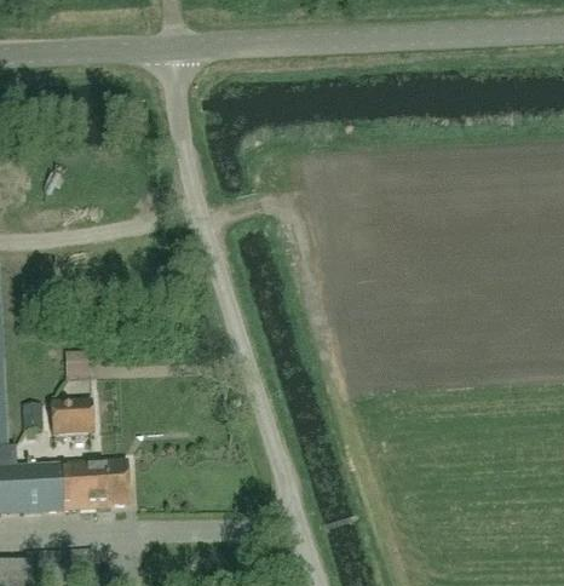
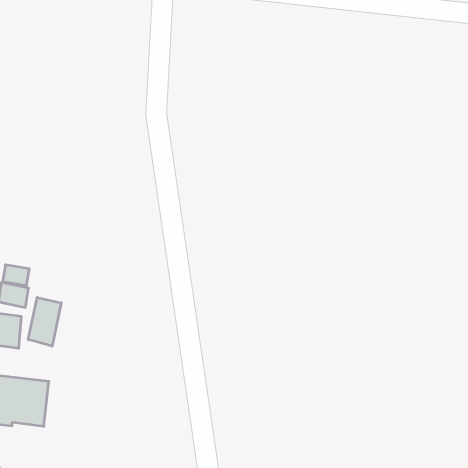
building: none -> [28,297,61,346]

